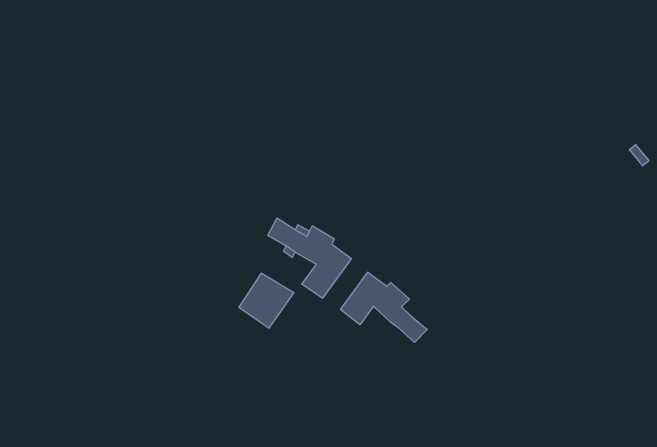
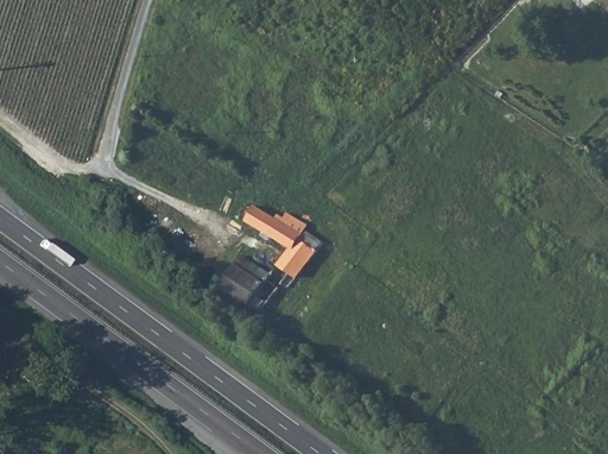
building: [340,272,427,342] -> none

